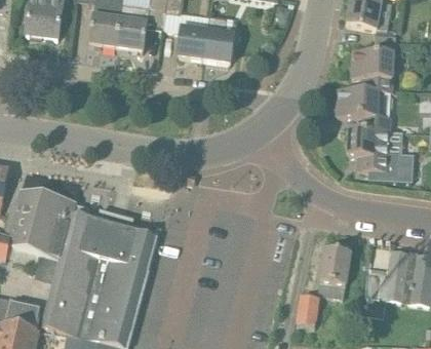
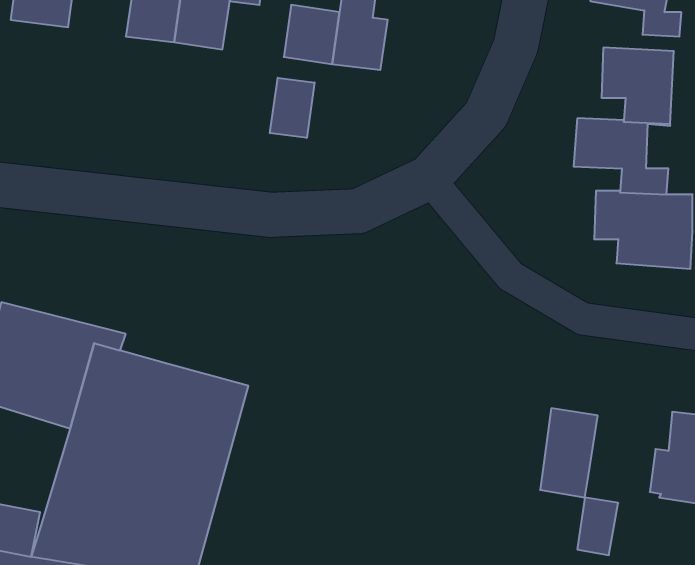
building: none -> [270,78,315,138]
building: [297,295,319,326] -> [577,497,618,555]

